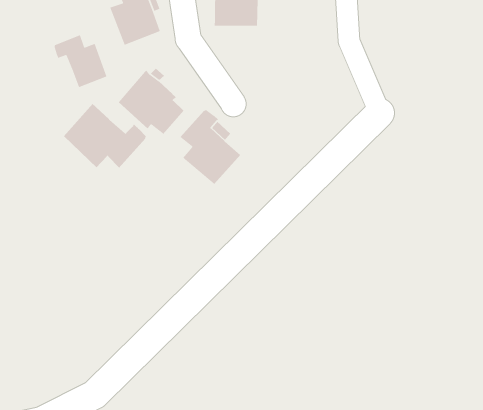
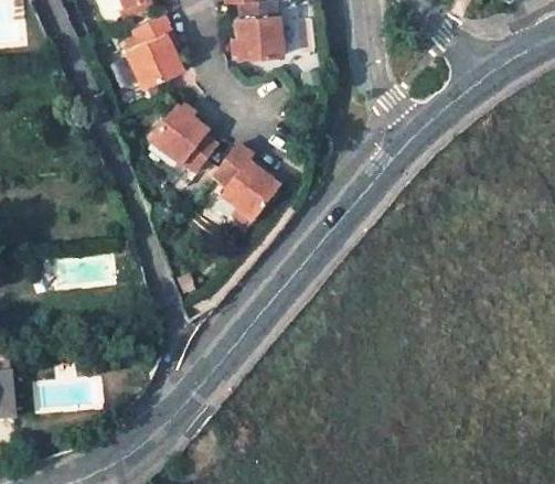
building: [53,34,107,88] -> none
building: [63,103,146,169] -> none

